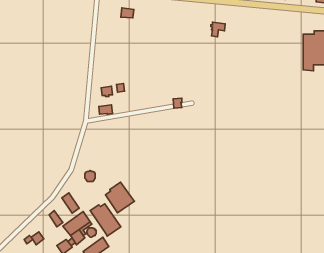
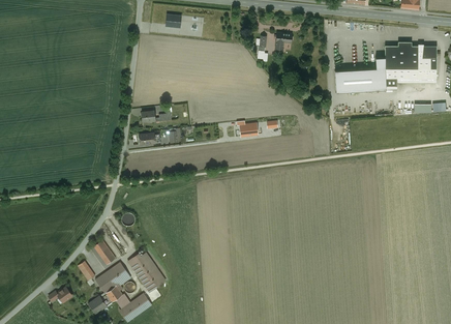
building: none -> [334,57,385,92]
building: [106,182,134,213] -> none

